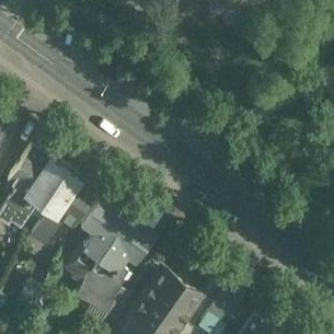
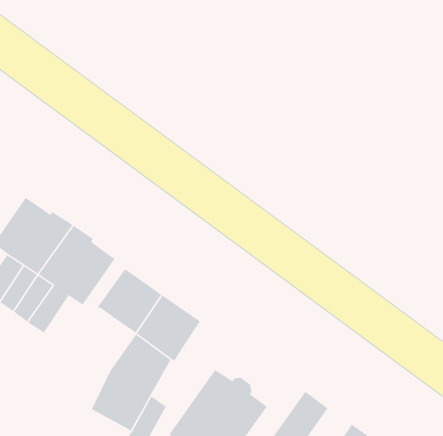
building: [72,235,107,278] -> none

